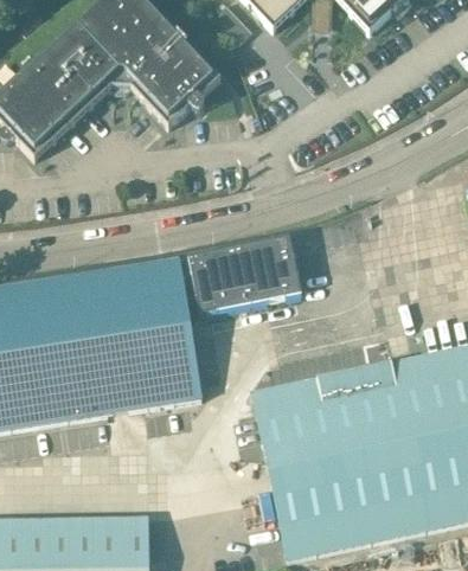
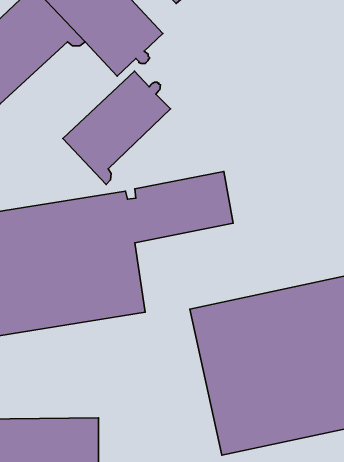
building: none -> [63,71,171,184]

